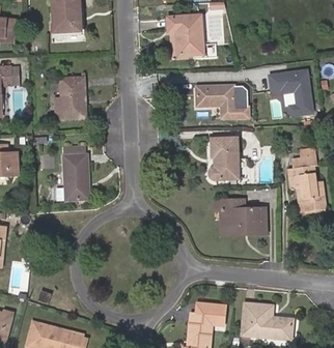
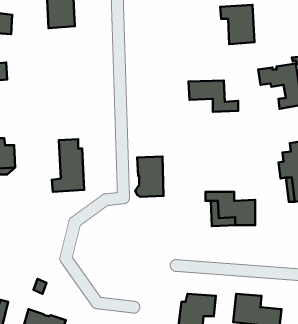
building: [167,16,202,56] -> [220,5,255,44]
building: [55,78,85,118] -> none
building: [208,138,238,179] -> [135,156,163,197]

